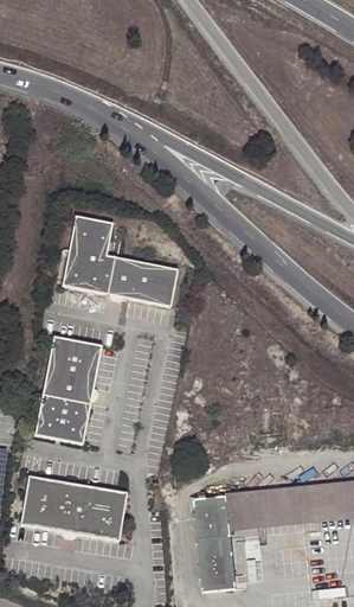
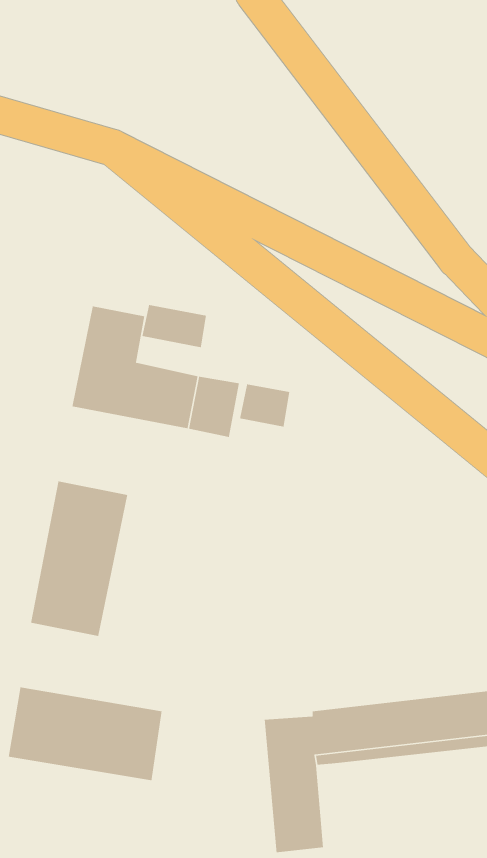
building: none -> [141,304,207,348]
building: none -> [239,383,290,427]

